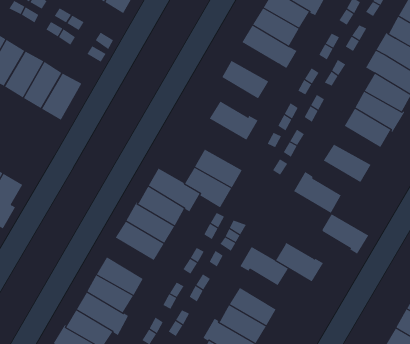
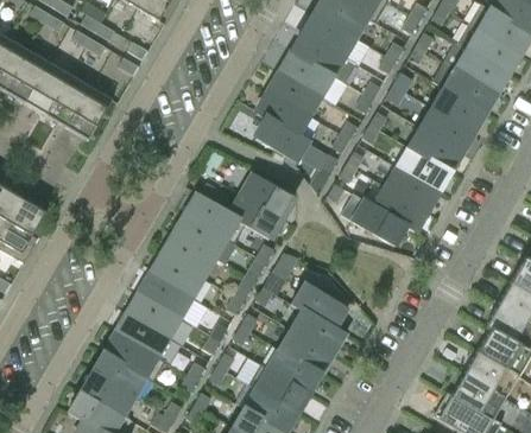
building: none -> [280,53,335,97]
building: none -> [257,93,311,138]
building: none -> [396,147,449,191]
building: [322,213,369,255] -> [373,186,426,233]
building: none -> [140,273,194,319]
building: [275,242,324,282] -> [290,308,344,354]

